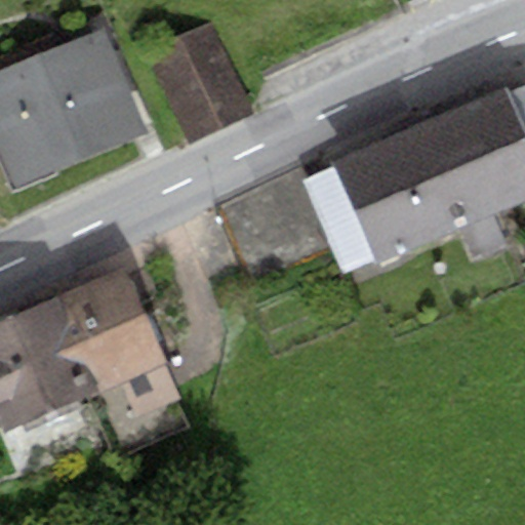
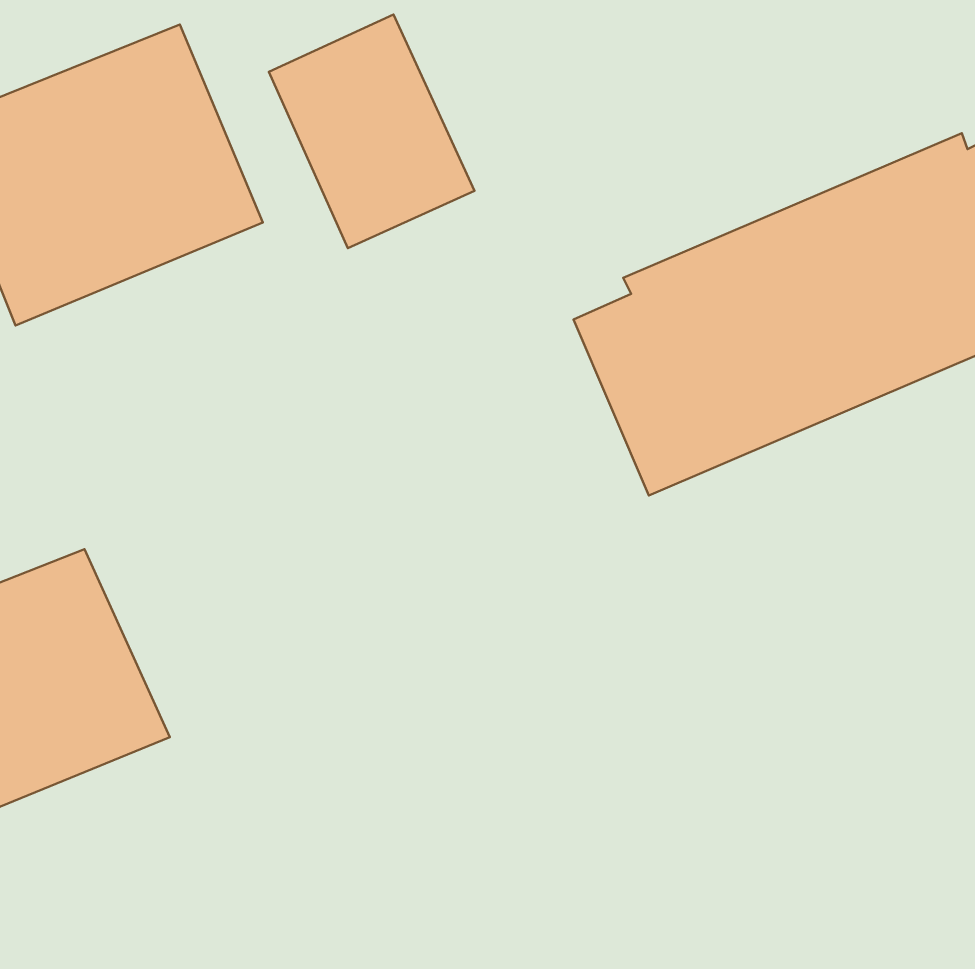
building: [52,270,181,432] -> none

